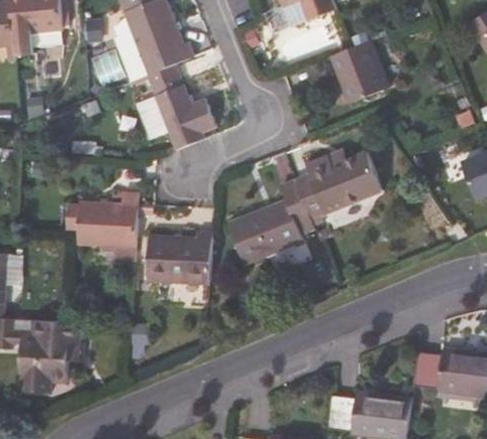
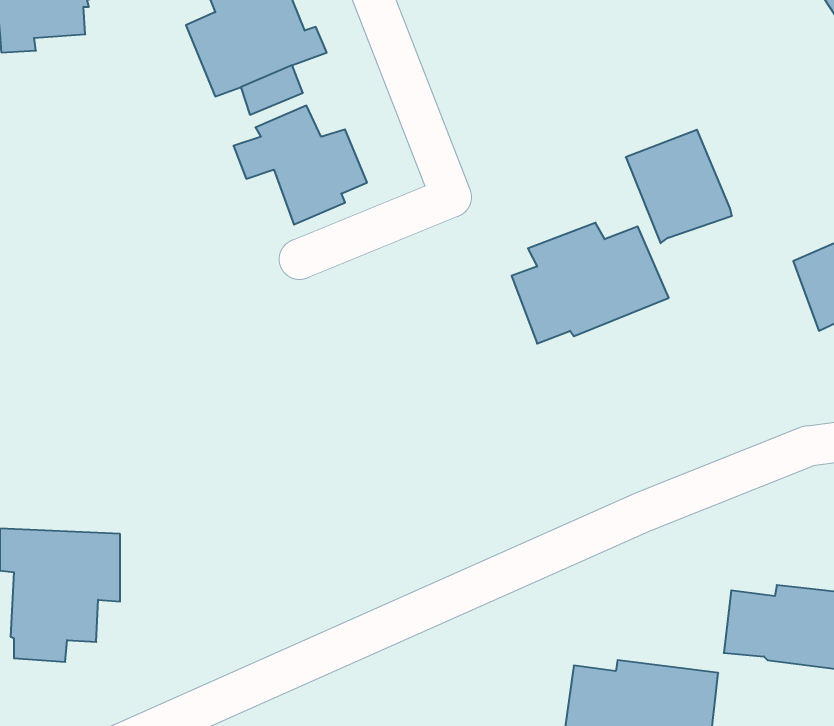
building: [331,42,389,105] -> [626,130,732,243]
building: [230,179,314,264] -> none
building: [50,192,141,261] -> none
building: [149,234,213,283] -> none

